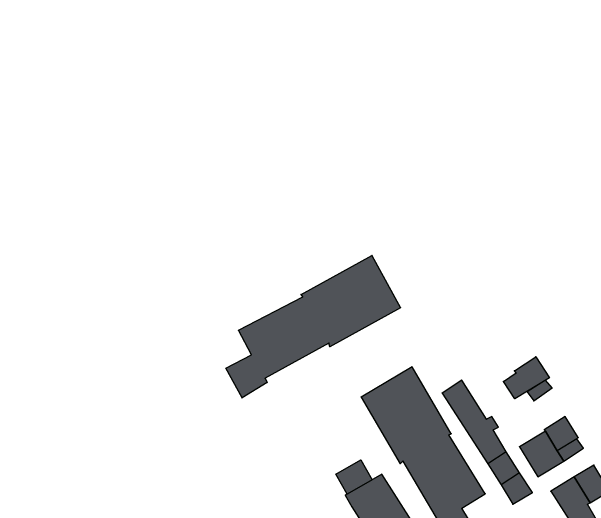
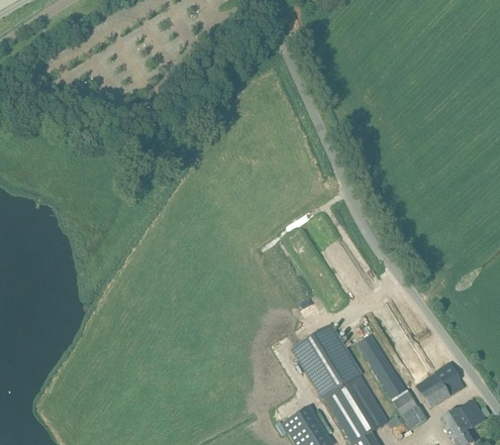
building: [226,255,401,398] -> none
building: [503,357,549,399] -> none
building: [336,460,372,494] -> none

